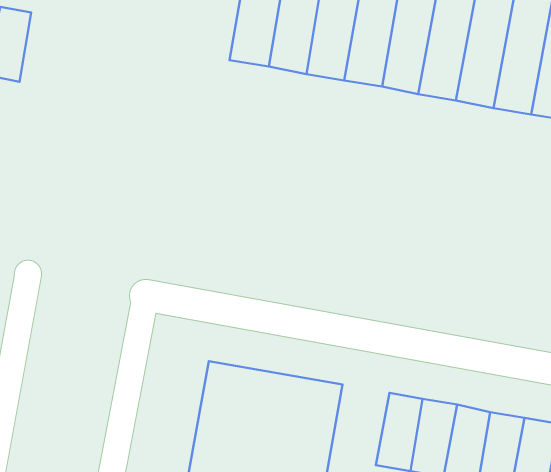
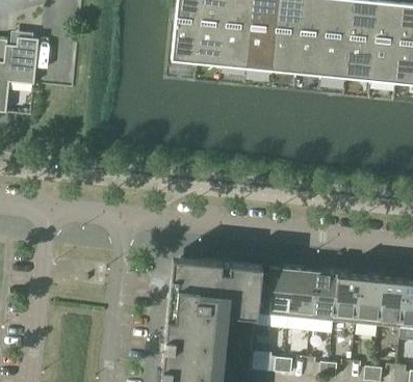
building: none -> [265,268,293,318]

